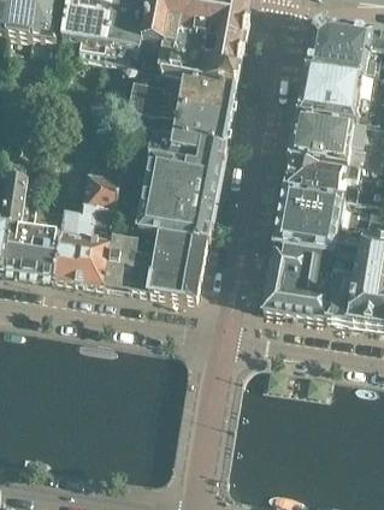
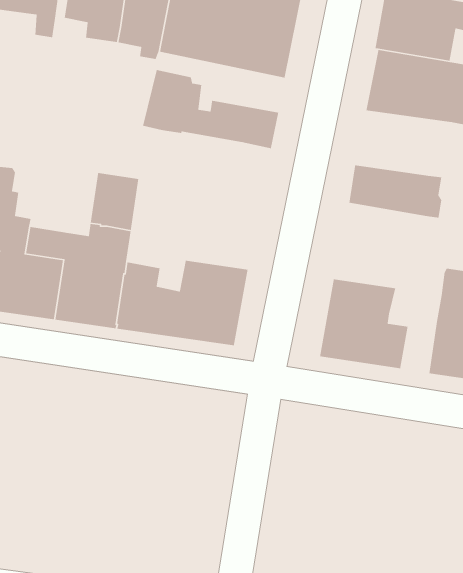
building: [135,70,236,117] -> none
building: [290,115,366,166] -> none
building: [135,132,225,239] -> none
building: [273,188,360,260] -> none
building: [326,268,354,321] -> none

